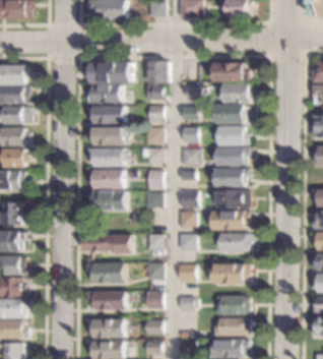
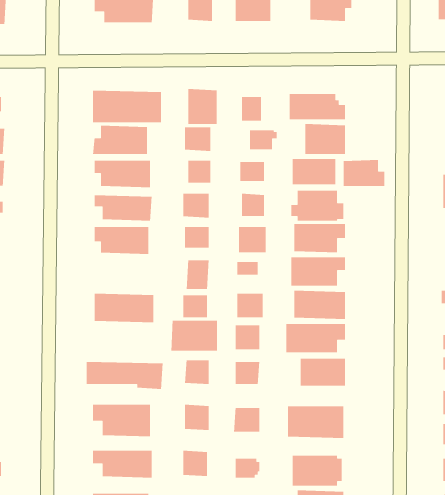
building: none -> [343,159,385,187]
building: [92,169,123,189] -> [170,320,218,351]

